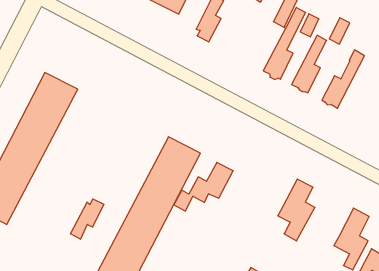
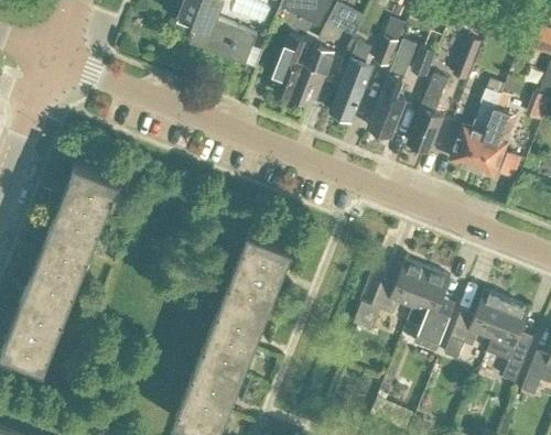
building: none -> [329,42,371,121]
building: none -> [290,47,334,105]
building: none -> [472,95,517,176]
building: [174,162,233,211] -> [353,260,428,329]
building: [71,199,104,239] -> none
building: none -> [444,291,507,359]

